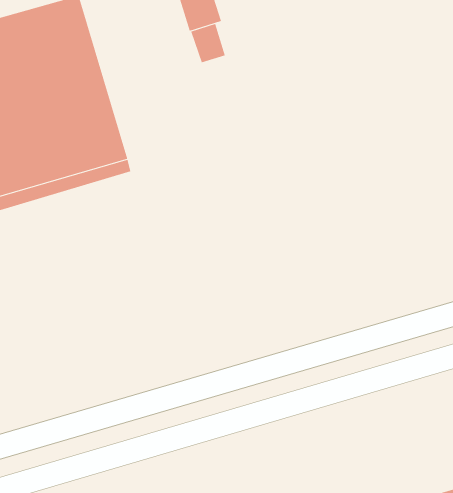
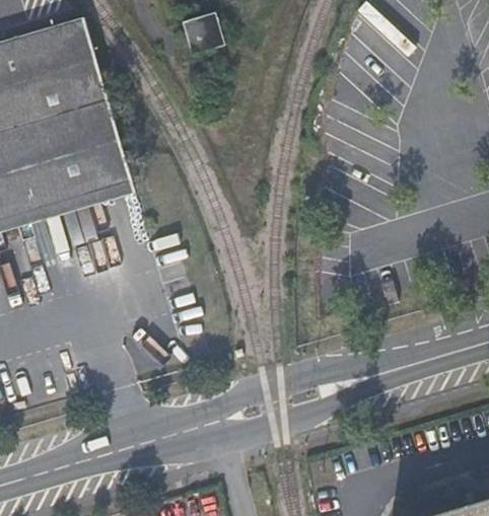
building: [191,23,226,63] -> none

